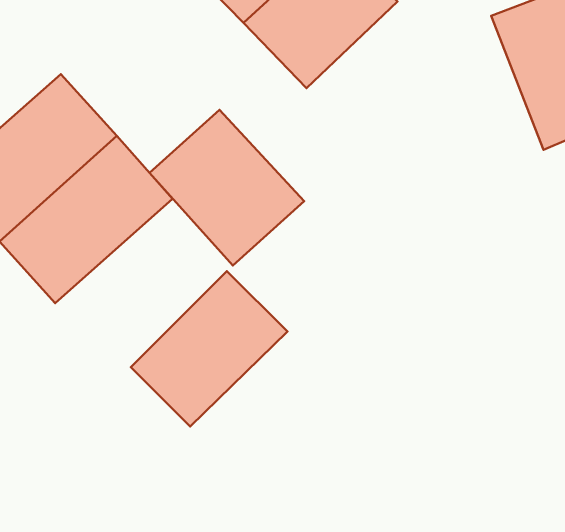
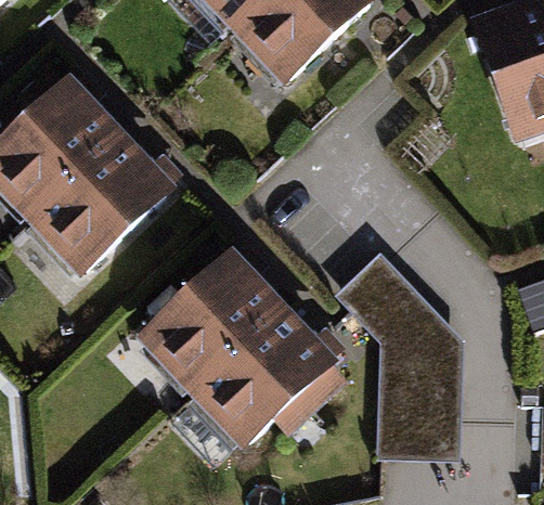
building: [150,110,304,265] -> none
building: none -> [333,251,462,461]
building: none -> [194,305,337,446]

